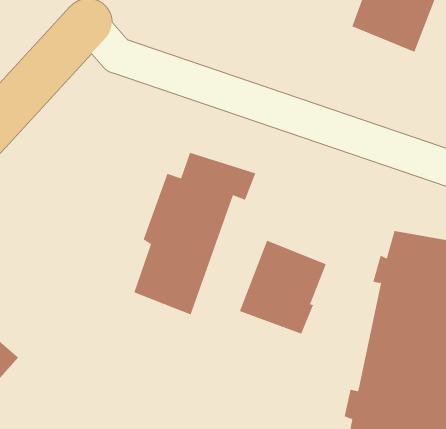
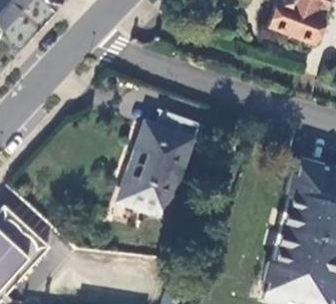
building: [239,240,326,335] -> none

